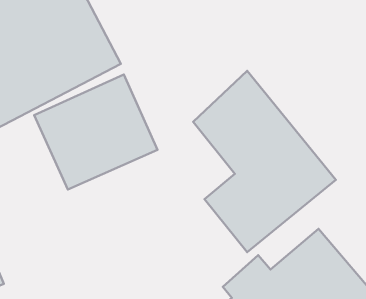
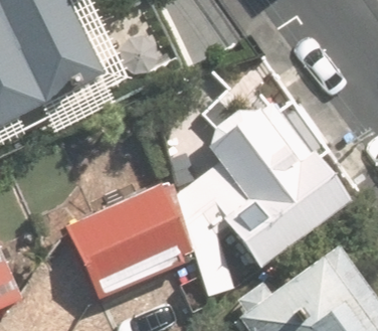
building: [34,74,157,190] -> [66,185,188,299]

